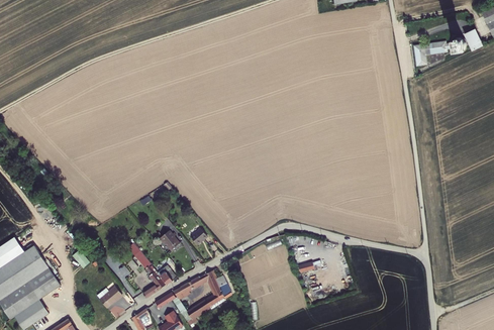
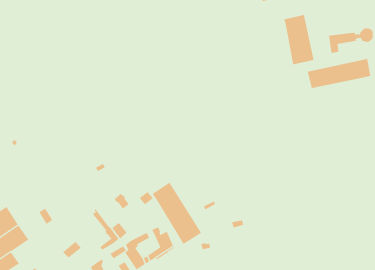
building: none -> [284,14,314,65]
building: none -> [307,58,371,89]
building: none -> [152,182,202,245]

